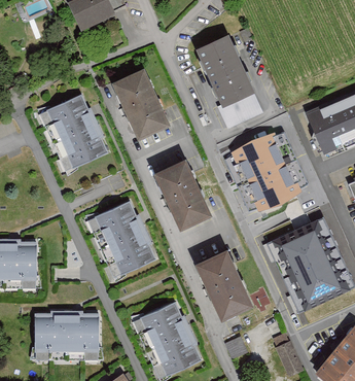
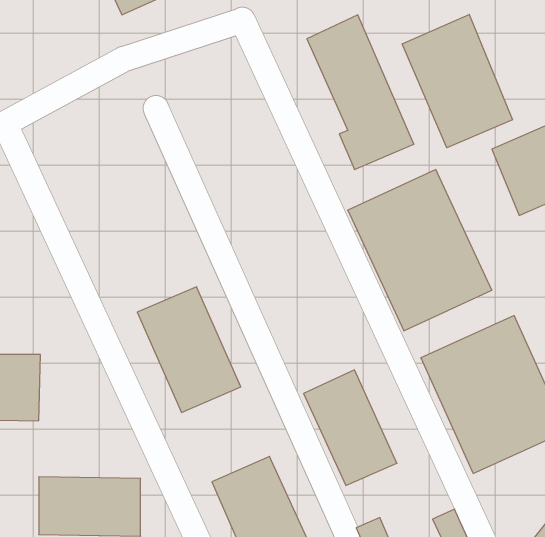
building: none -> [402,14,512,148]
building: [112,68,169,139] -> none
building: [45,94,107,168] -> none
building: [153,159,210,230] -> none

